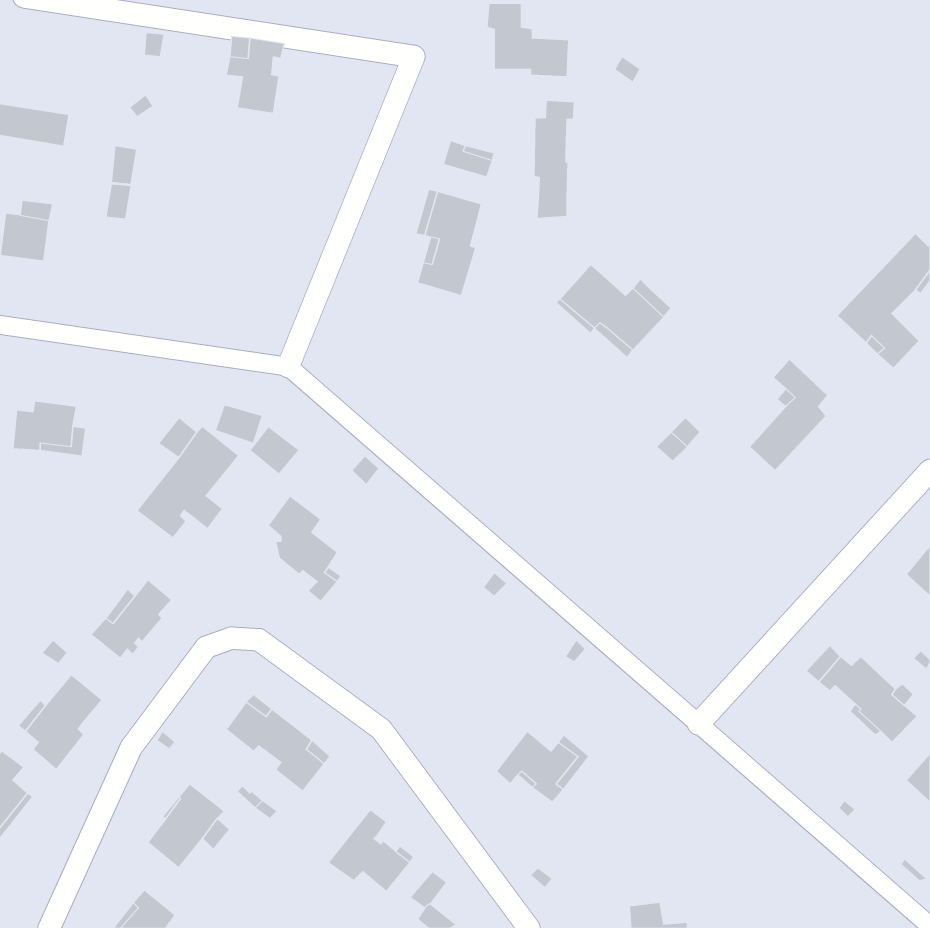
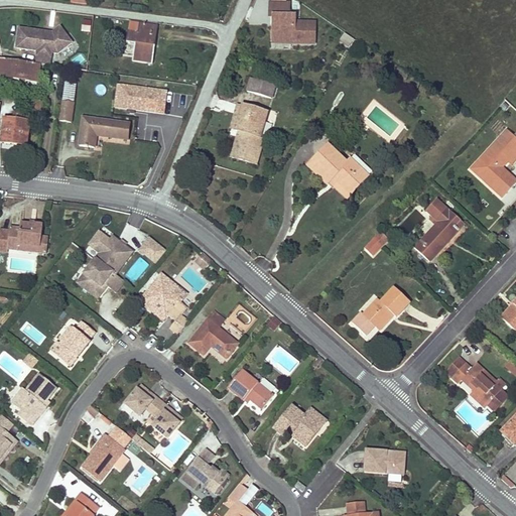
building: none -> [15,26,71,63]
building: [534,100,574,219] -> none
building: none -> [114,85,166,111]
building: none -> [78,116,128,145]
building: none -> [351,287,408,335]
building: none -> [187,310,237,356]
building: none -> [228,369,272,407]
building: none -> [363,449,404,473]

